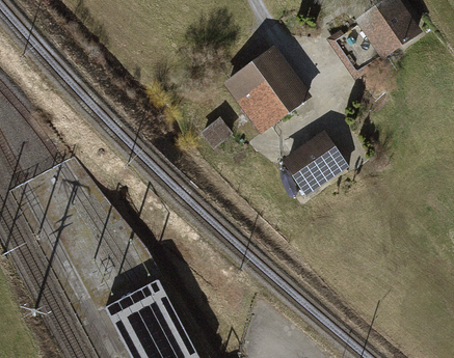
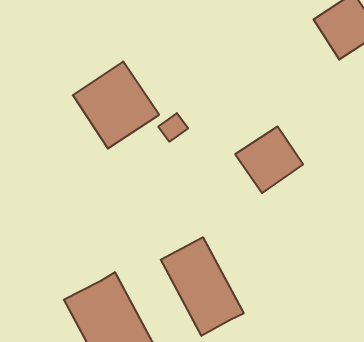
building: [223,45,311,133] -> [73,61,159,149]
building: none -> [161,237,244,336]

